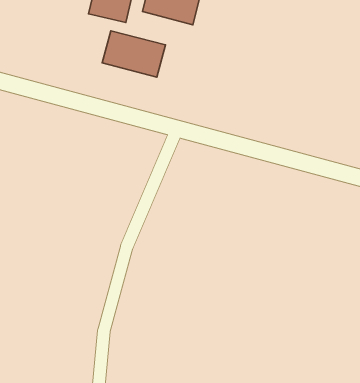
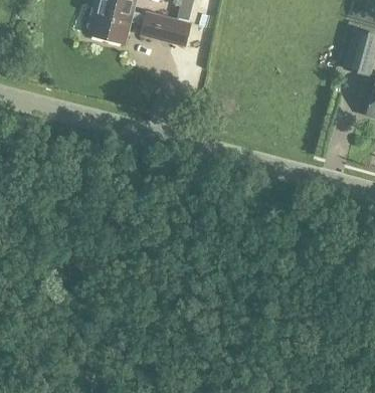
building: [102,31,165,77] -> none

